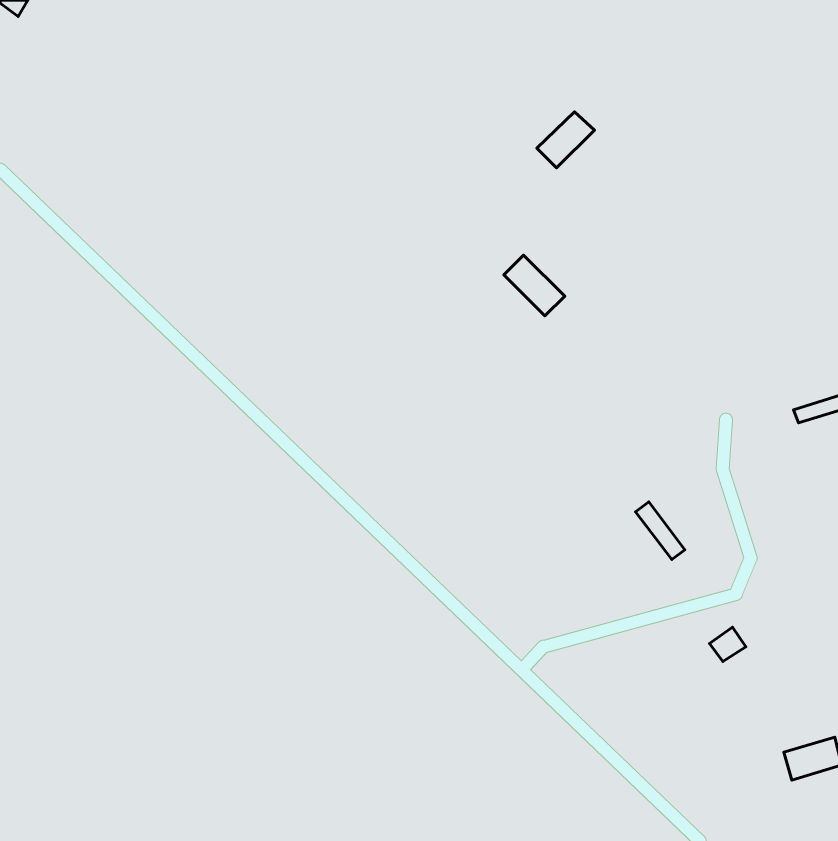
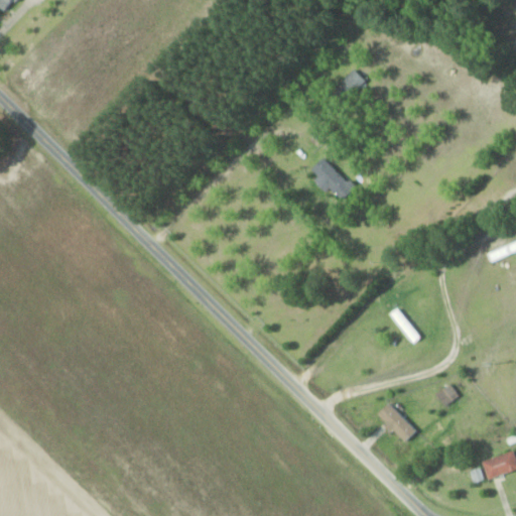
building: none -> [376,403,416,442]

